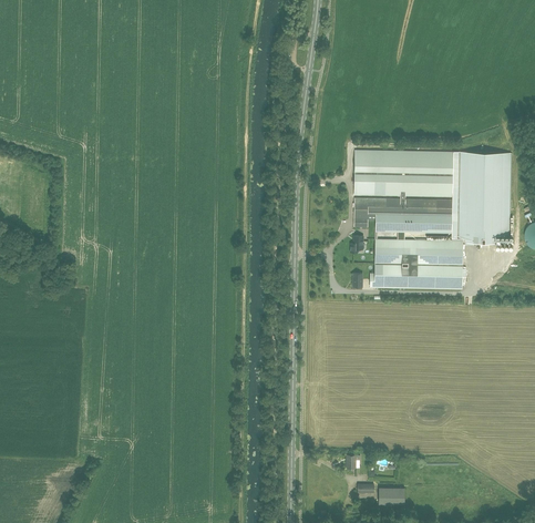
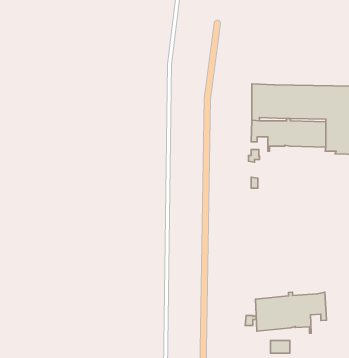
building: [370,230,463,289] -> none
building: none -> [256,292,326,333]

